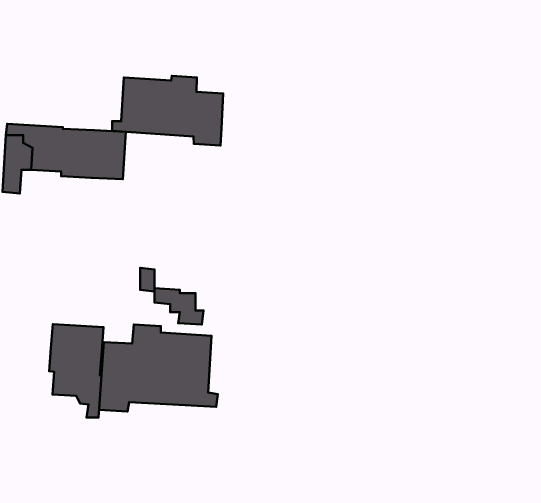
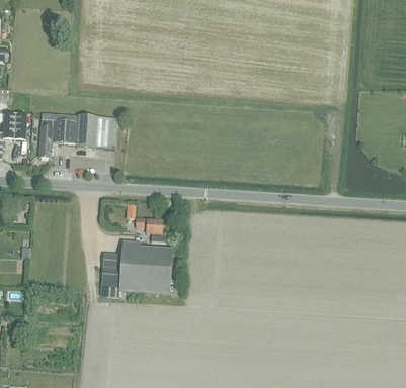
building: [112,76,223,146] -> none
building: [49,324,104,418] -> none

